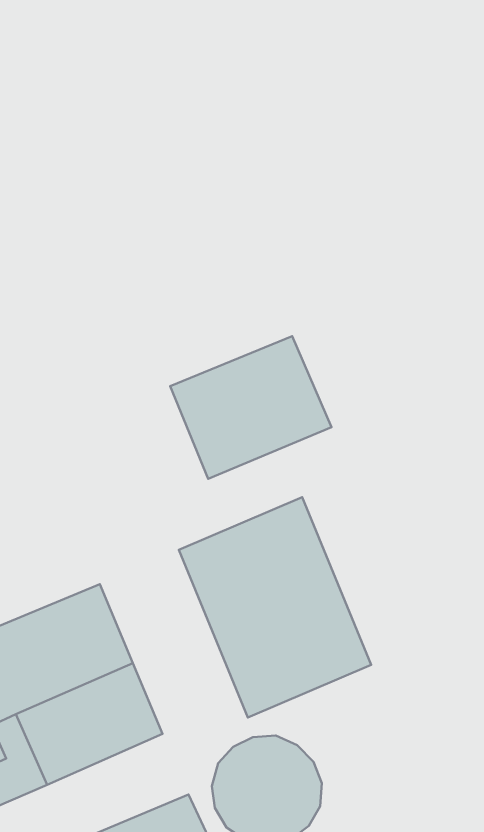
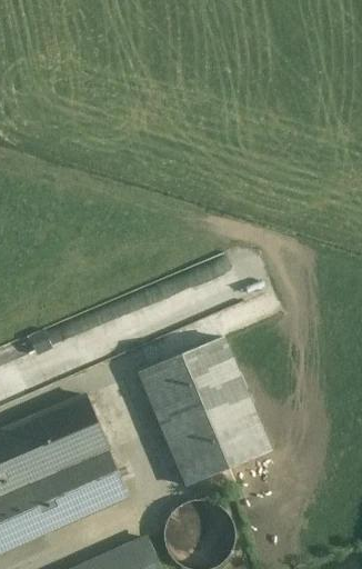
building: [170,336,331,479] -> none

